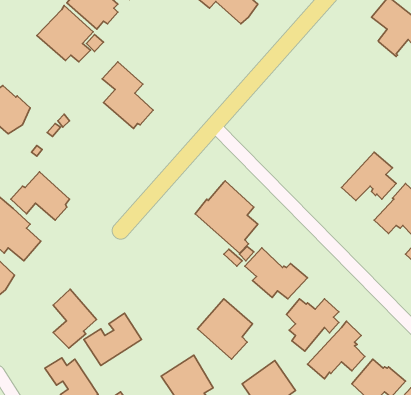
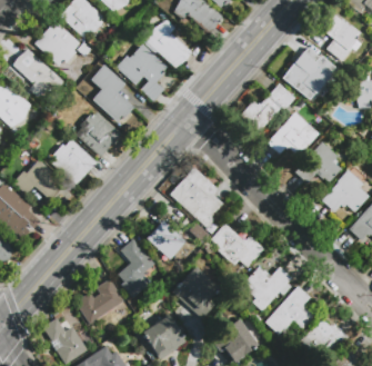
building: none -> [140,20,191,67]
building: none -> [284,43,331,88]
building: none -> [117,44,168,100]
building: none -> [12,50,66,98]
building: none -> [240,83,295,131]
building: none -> [265,110,319,155]
building: none -> [76,112,122,157]
building: none -> [51,139,97,185]
building: none -> [147,220,187,259]
building: [53,289,96,348] -> [119,238,155,288]

